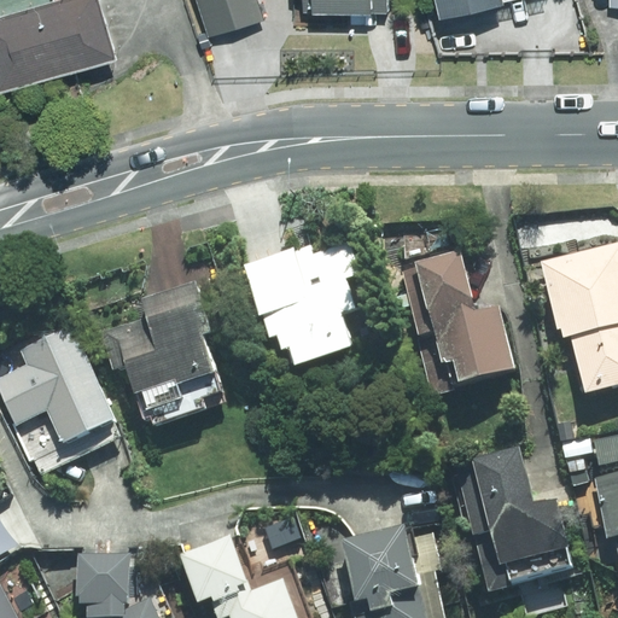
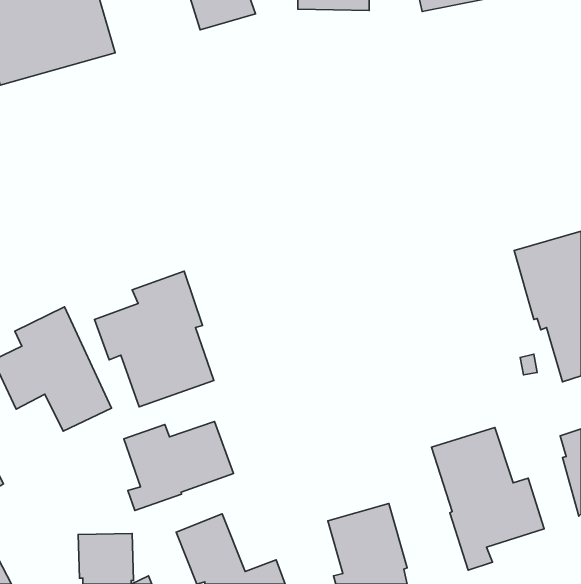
building: [244,240,365,377] -> none
building: [398,251,520,397] -> none
building: none -> [124,421,234,511]

